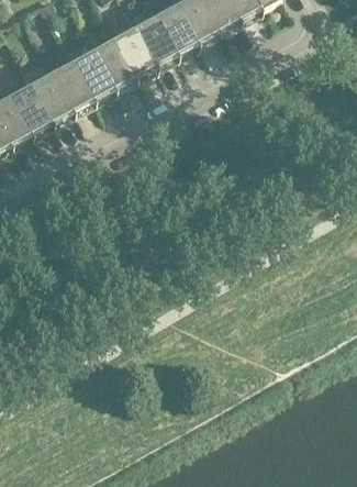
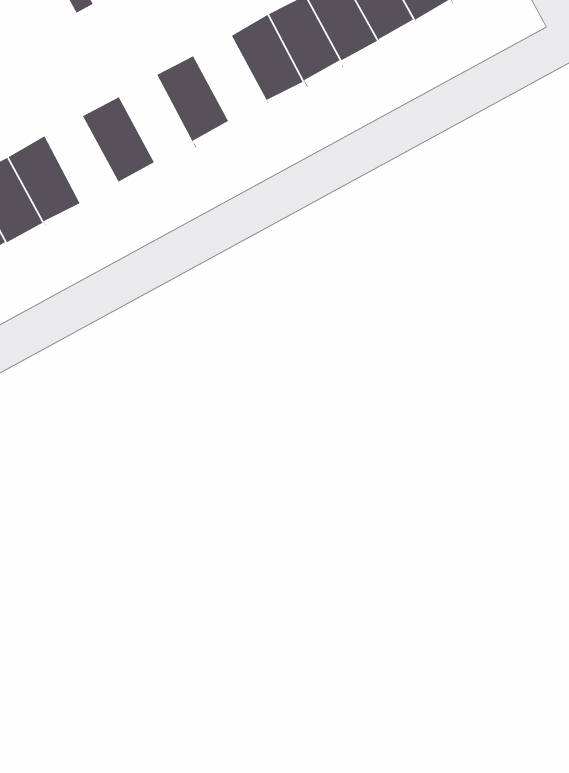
building: [114,26,157,78] -> none
building: [72,48,115,101] -> none
building: [31,71,74,124] -> none

